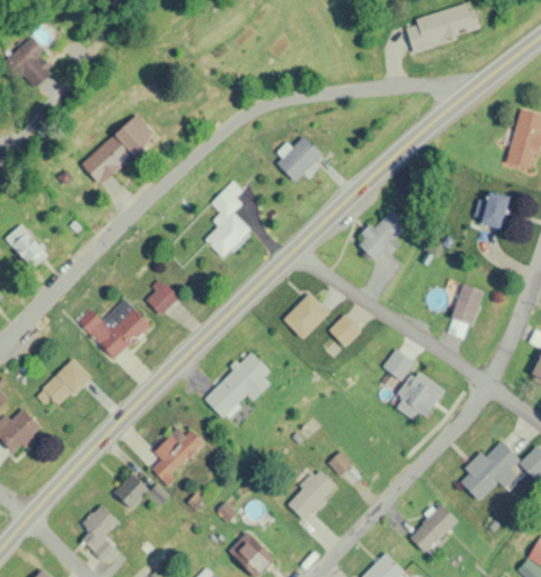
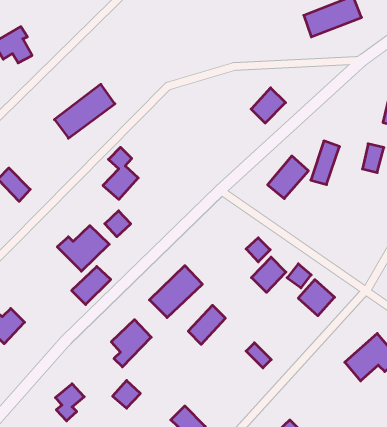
building: [277,136,321,182] -> [251,88,286,123]
building: [204,189,250,257] -> [103,147,138,199]
building: [445,282,483,339] -> [311,141,340,185]
building: [283,292,328,338] -> [251,257,286,292]
building: [40,359,91,409] -> [72,266,111,305]
building: [286,469,335,520] -> [188,305,225,344]
building: [114,473,150,509] -> [113,380,140,408]
building: [409,503,457,554] -> none

